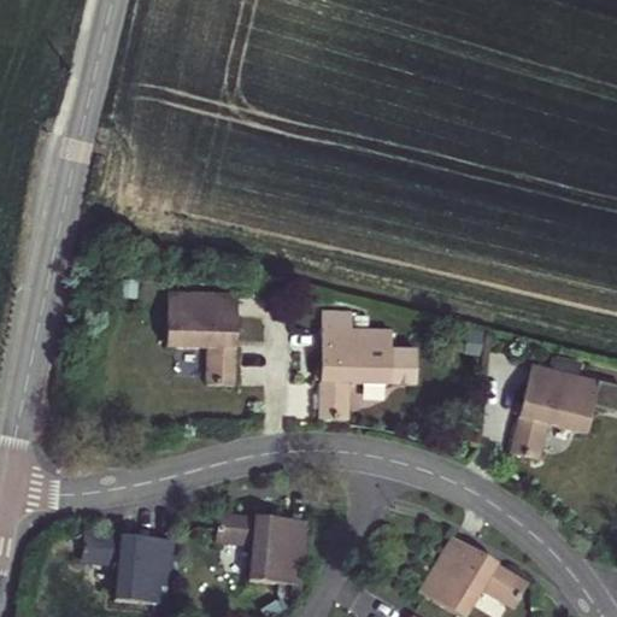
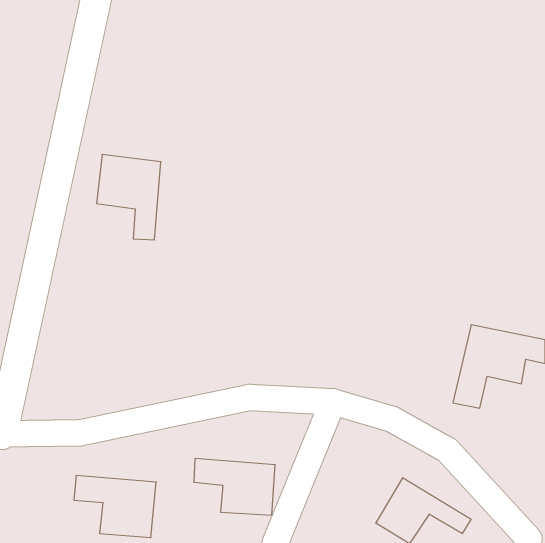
building: [166,287,239,383] -> [97,154,161,240]
building: [321,305,416,412] -> none

